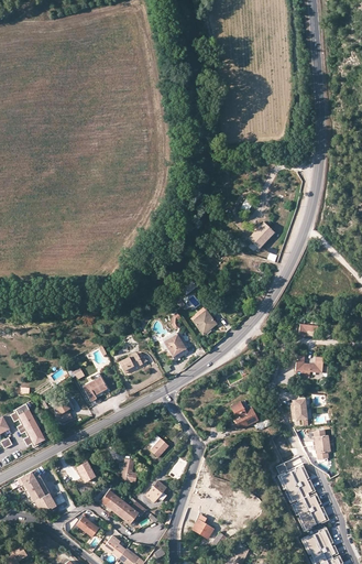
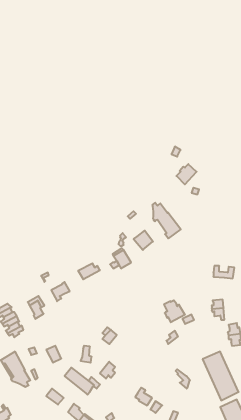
building: none -> [152,203,181,238]

